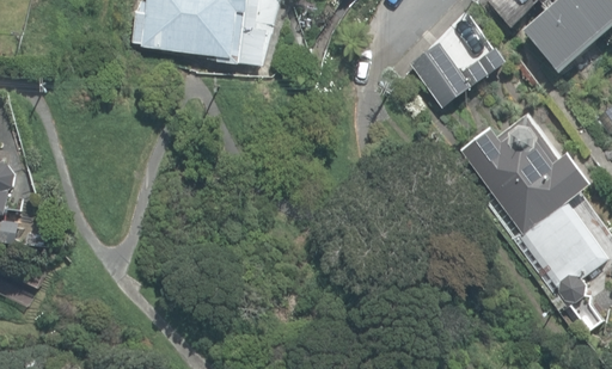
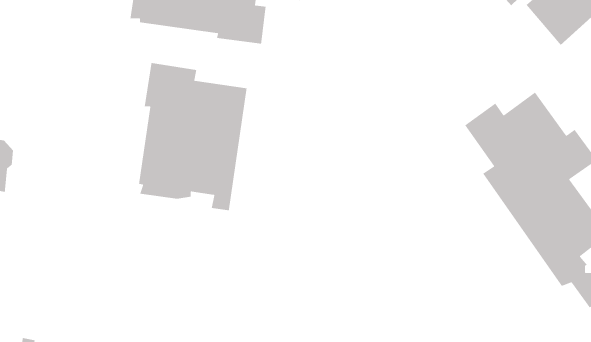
building: [408,38,491,107] -> none
building: none -> [138,62,247,211]

